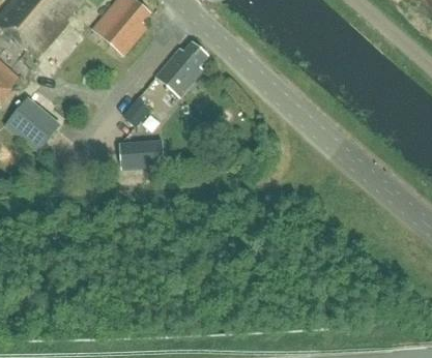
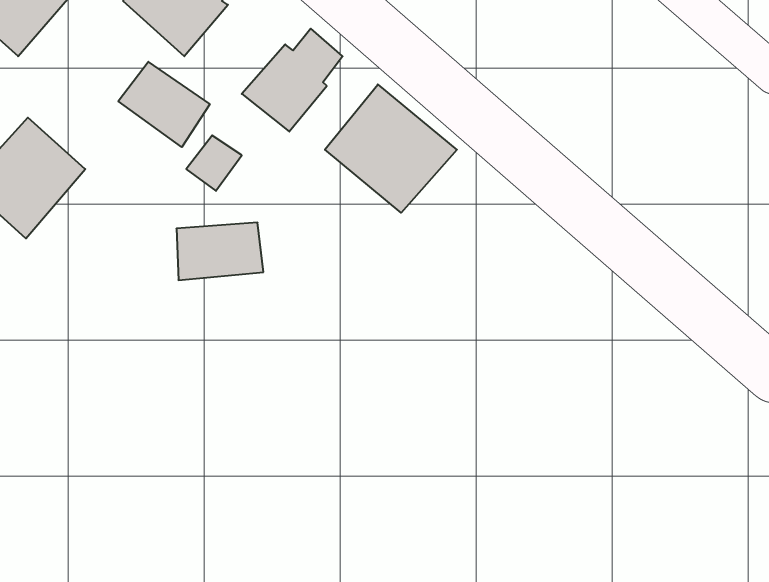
building: none -> [118,62,210,147]
building: none -> [325,84,457,213]

